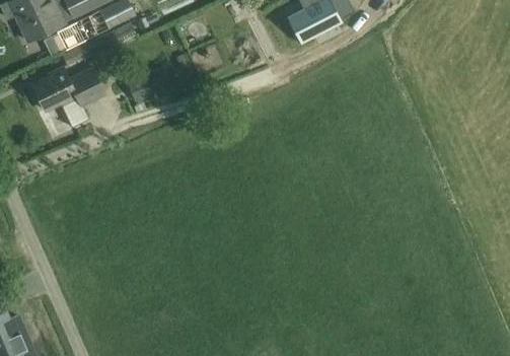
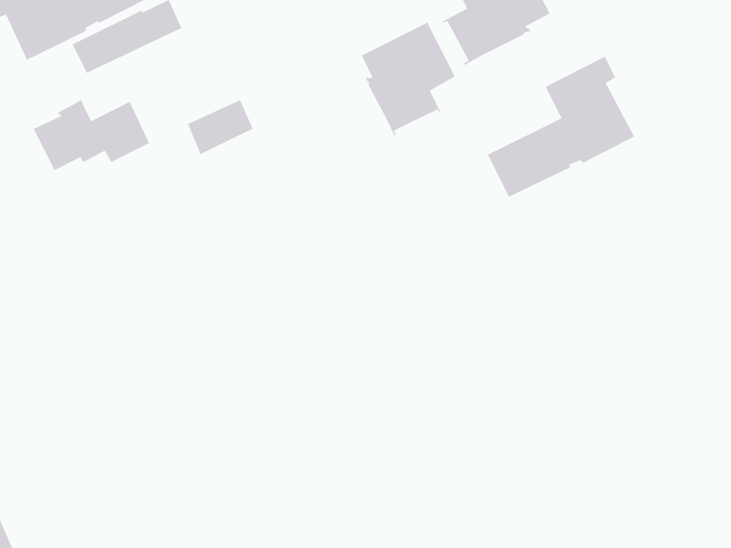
building: none -> [361,22,456,136]
building: none -> [487,56,635,198]

